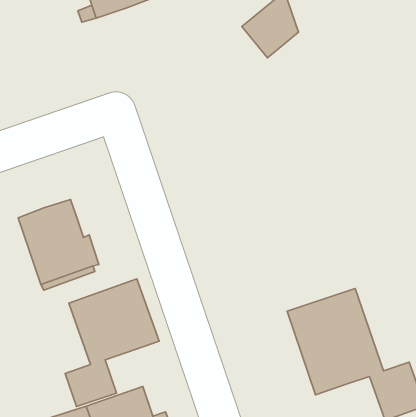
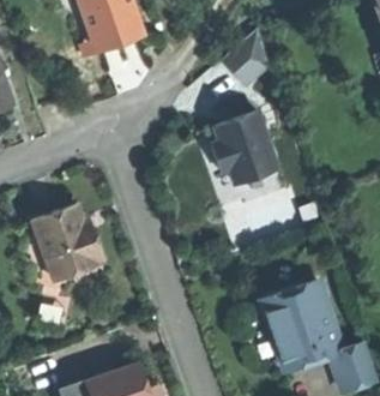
building: none -> [212,110,278,184]
building: [65,279,159,407] -> none

